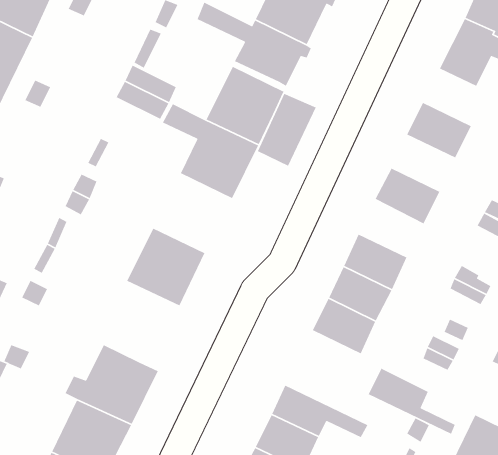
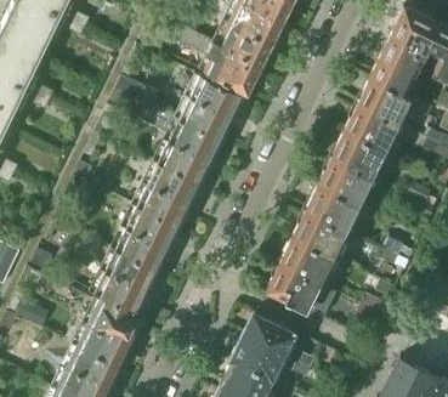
building: none -> [358,78,412,124]
building: [257,93,317,167] -> none
building: none -> [333,131,385,177]
building: none -> [140,163,204,227]
building: none -> [306,183,359,231]
building: none -> [96,250,161,314]
building: [368,368,456,435] -> [246,312,318,367]

